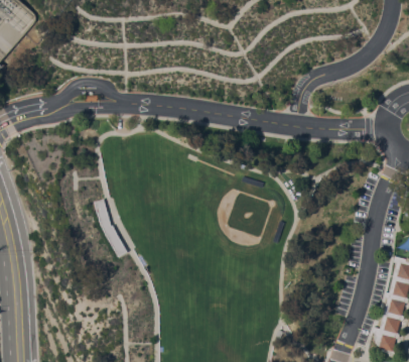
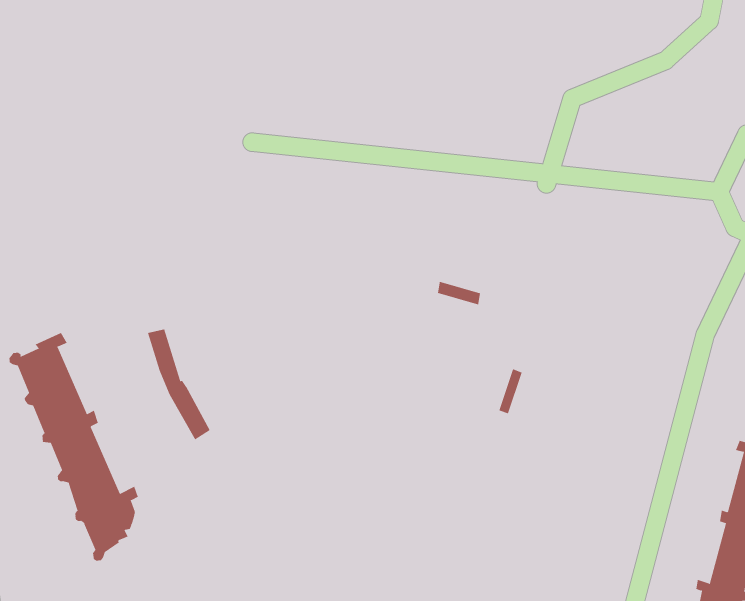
building: none -> [9,332,139,562]

